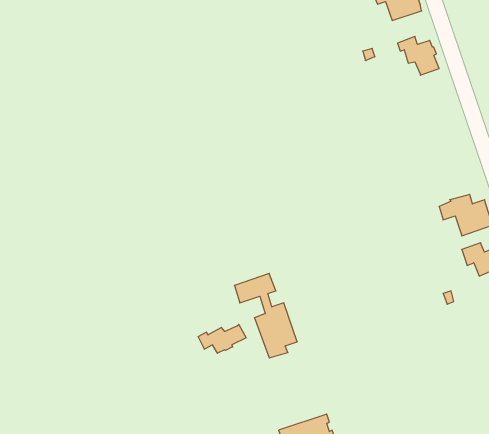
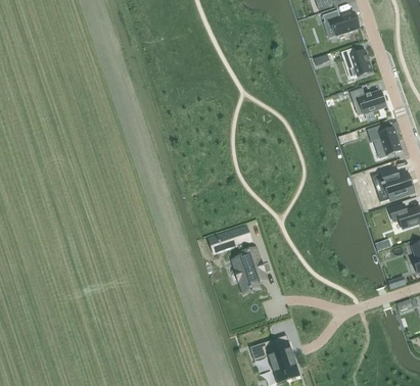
building: none -> [349,88,385,114]
building: none -> [367,124,401,155]
building: [198,324,246,353] -> none

